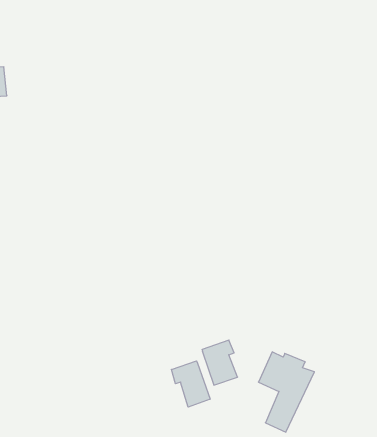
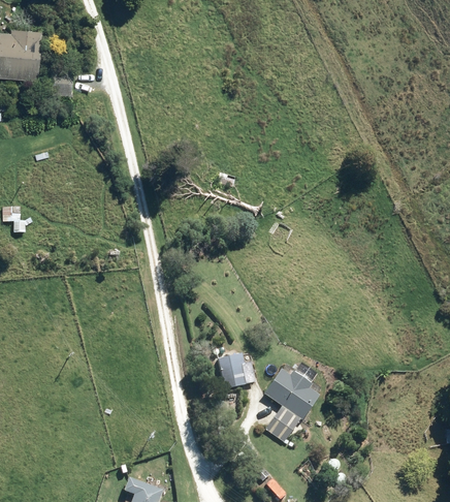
building: [171,361,210,407] -> none

